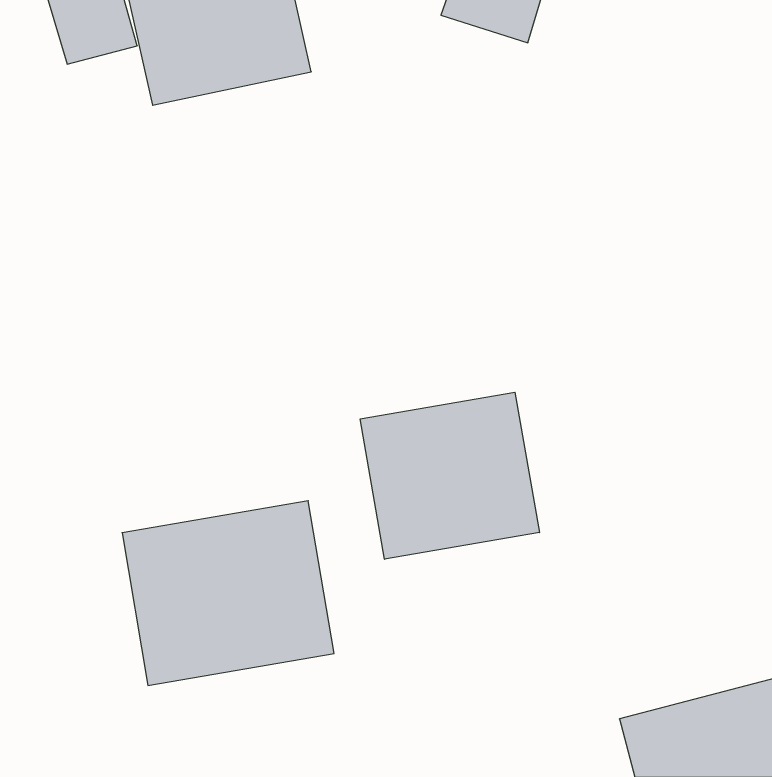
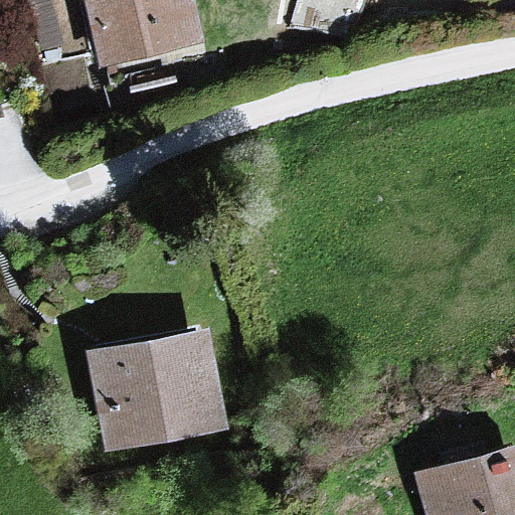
building: [360,392,539,559] -> none

